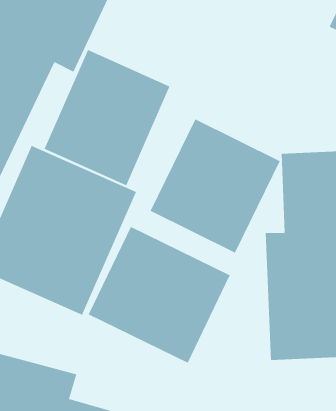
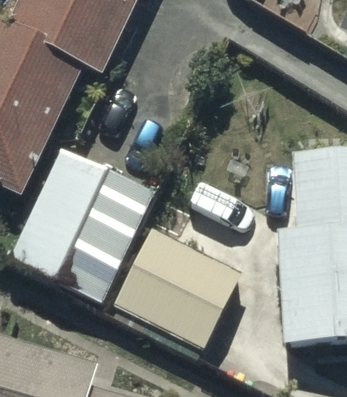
building: [44,49,170,186] -> none
building: [150,119,280,254] -> none

